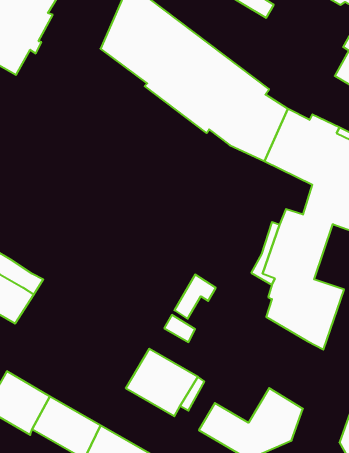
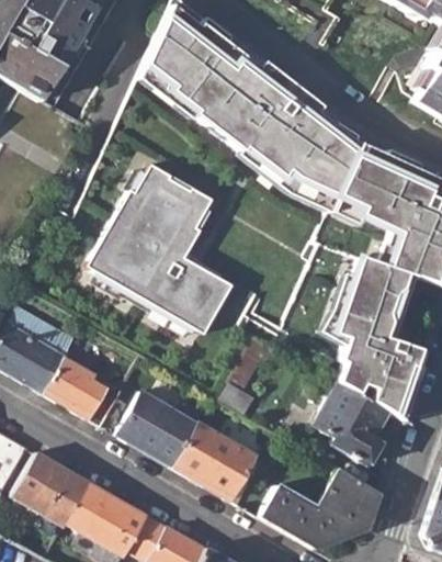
building: none -> [87,166,231,334]
building: none -> [43,359,122,428]
building: none -> [311,384,385,464]
building: none -> [116,392,200,469]

